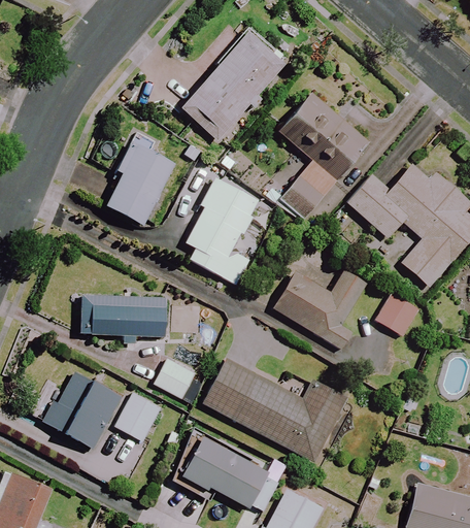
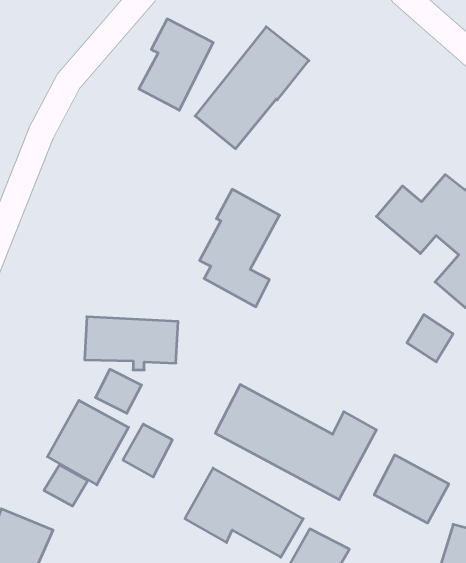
building: [278,93,369,220] -> none
building: [106,142,174,226] -> [139,19,213,110]
building: [274,261,366,349] -> none
building: [155,358,197,398] -> [95,369,142,413]
building: none -> [374,455,449,523]
building: none -> [44,465,88,506]

